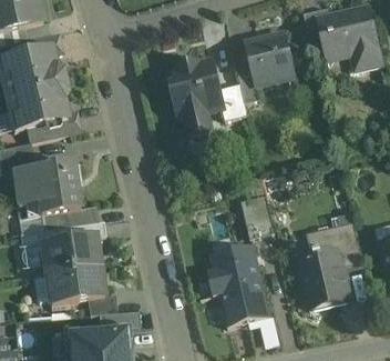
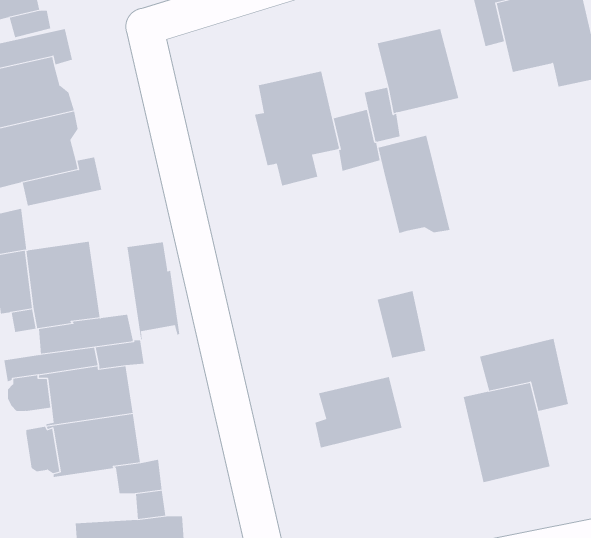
building: none -> [378,135,450,234]
building: none -> [127,242,180,340]
building: [212,275,271,327] -> none

